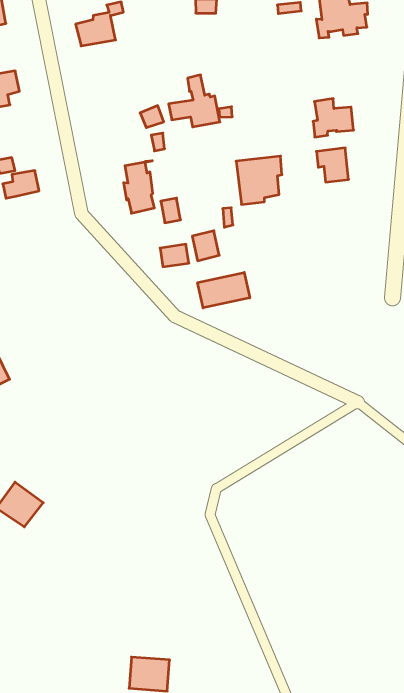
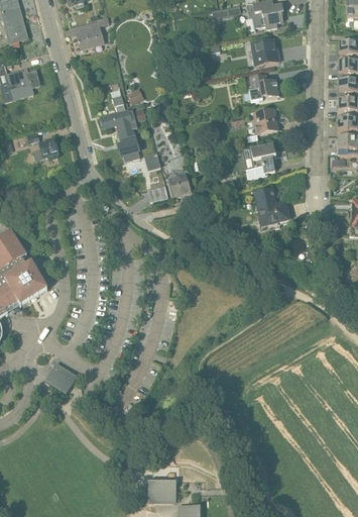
building: none -> [250,38,279,66]
building: [169,75,220,127] -> [100,95,137,132]
building: [236,156,282,204] -> [242,142,275,179]
building: none -> [254,188,289,227]
building: [198,272,250,308] -> none

